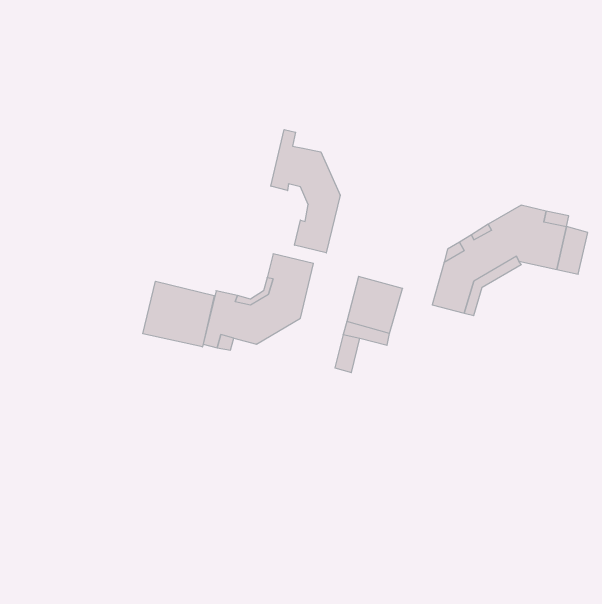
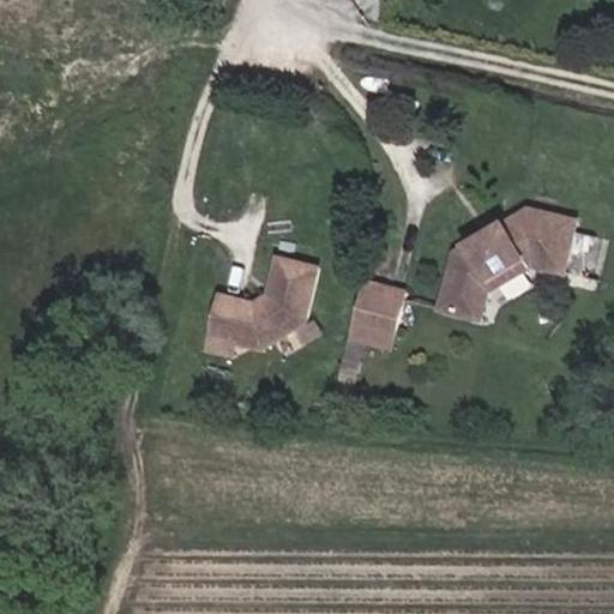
building: [271,130,340,253] -> none
building: [143,281,214,347] -> none

